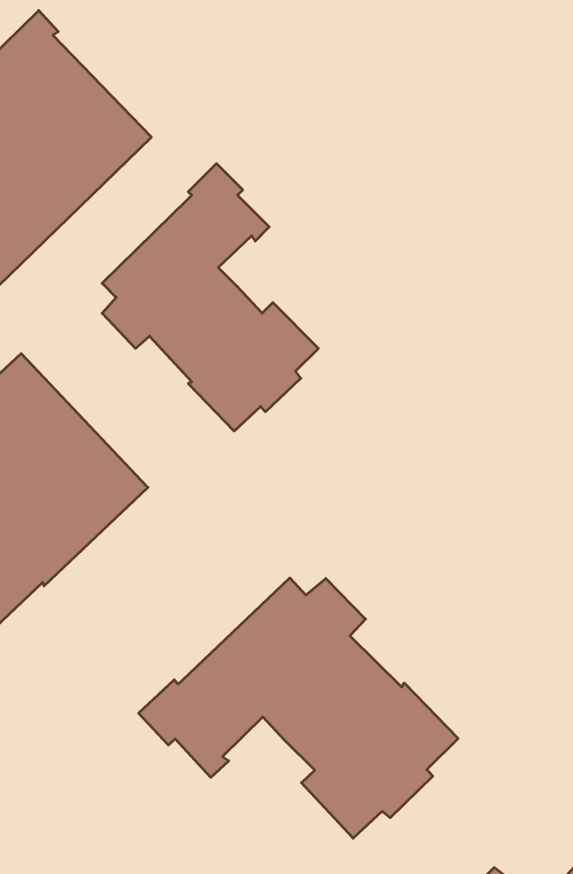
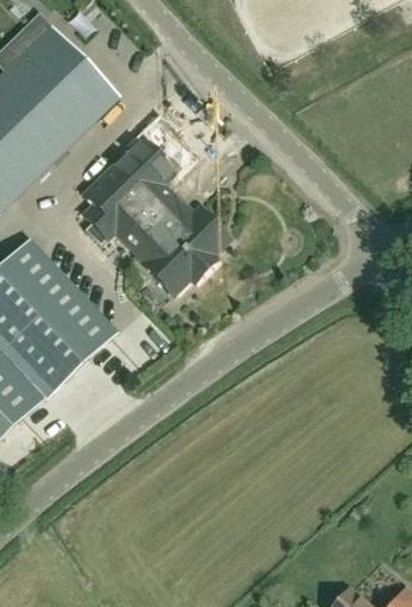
building: [139,578,458,838] -> none

